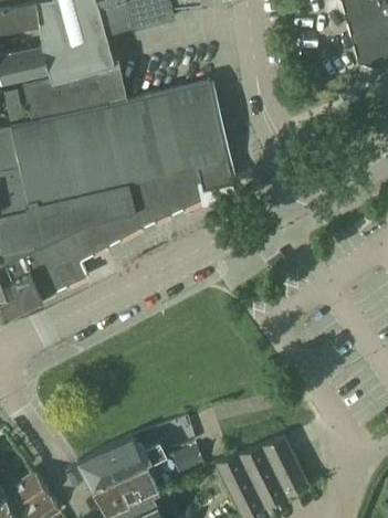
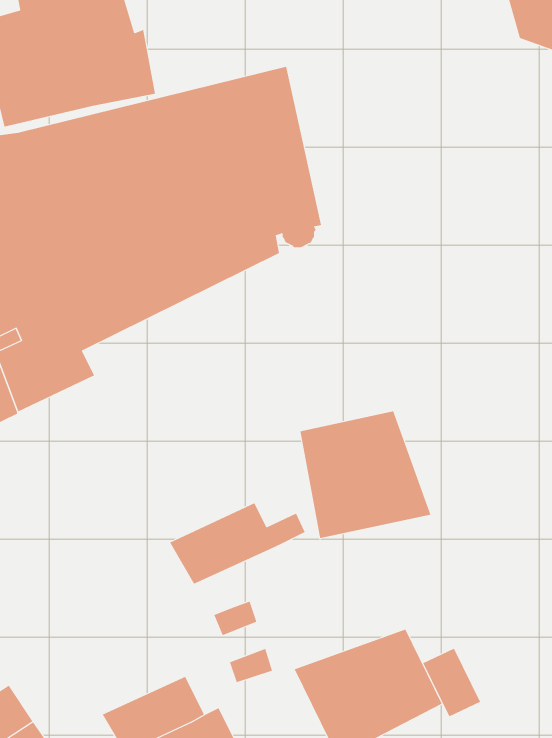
building: none -> [300,411,431,539]
building: [77,437,164,489] -> [169,502,305,584]
building: none -> [422,648,481,717]

